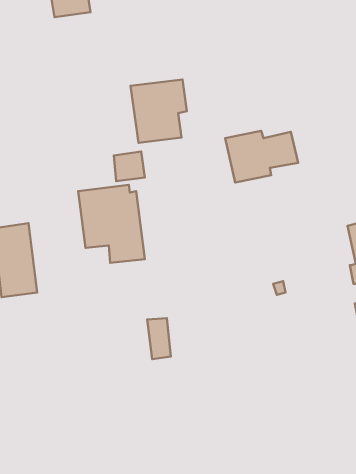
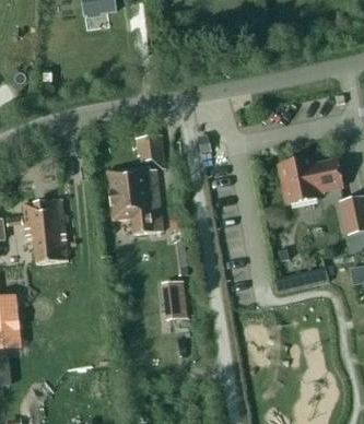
building: [131,80,187,143] -> none
building: [225,131,298,183] -> [279,160,343,205]

